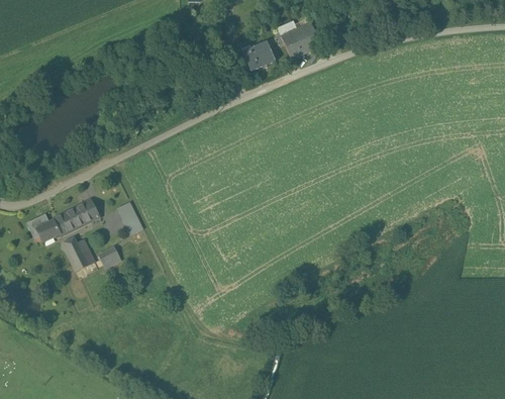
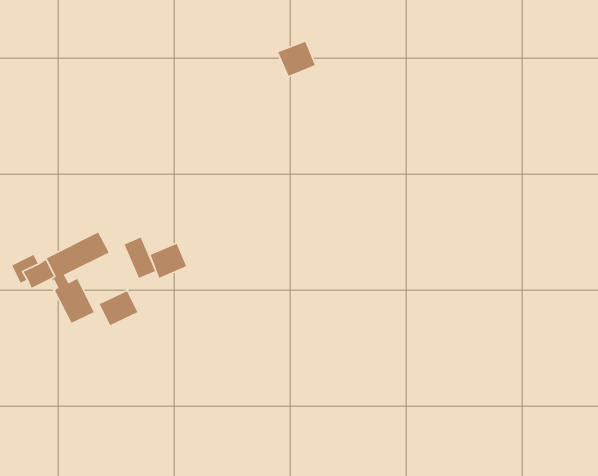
building: [281,22,323,63] -> none
building: none -> [150,243,187,279]

